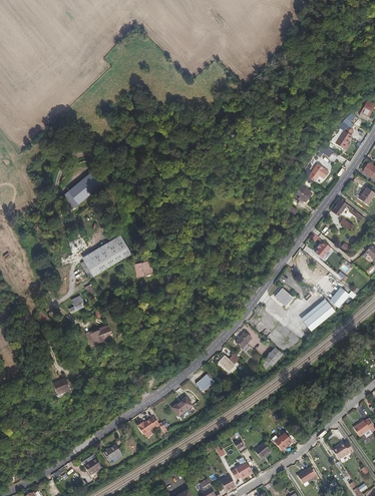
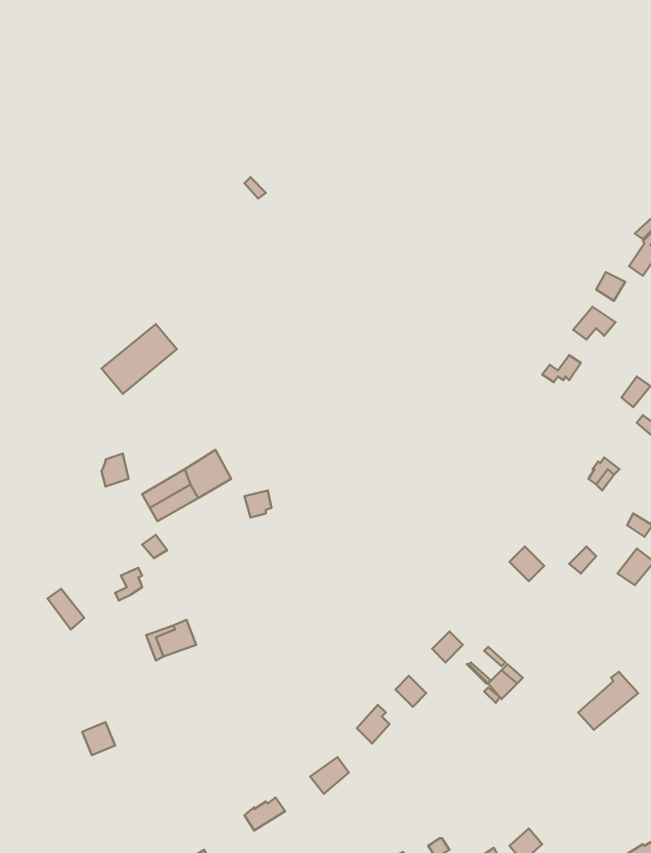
building: [304,300,335,330] -> [578,672,638,730]

